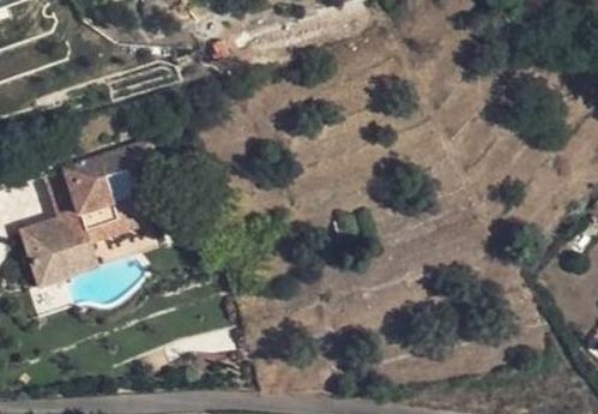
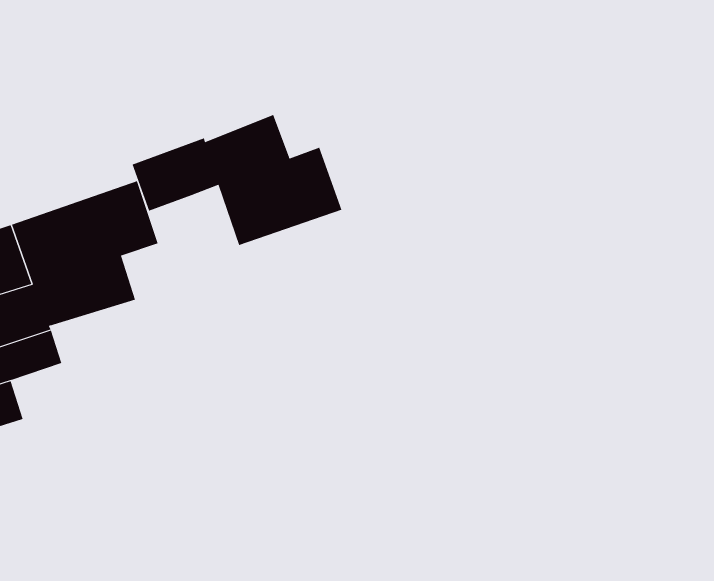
building: none -> [132,114,342,246]

